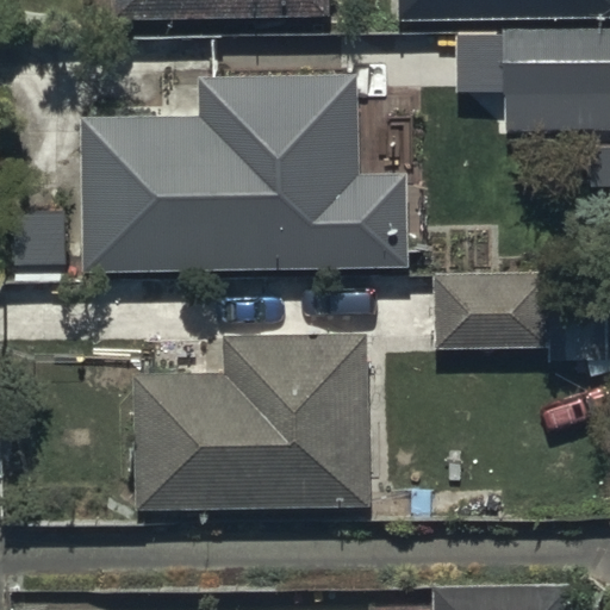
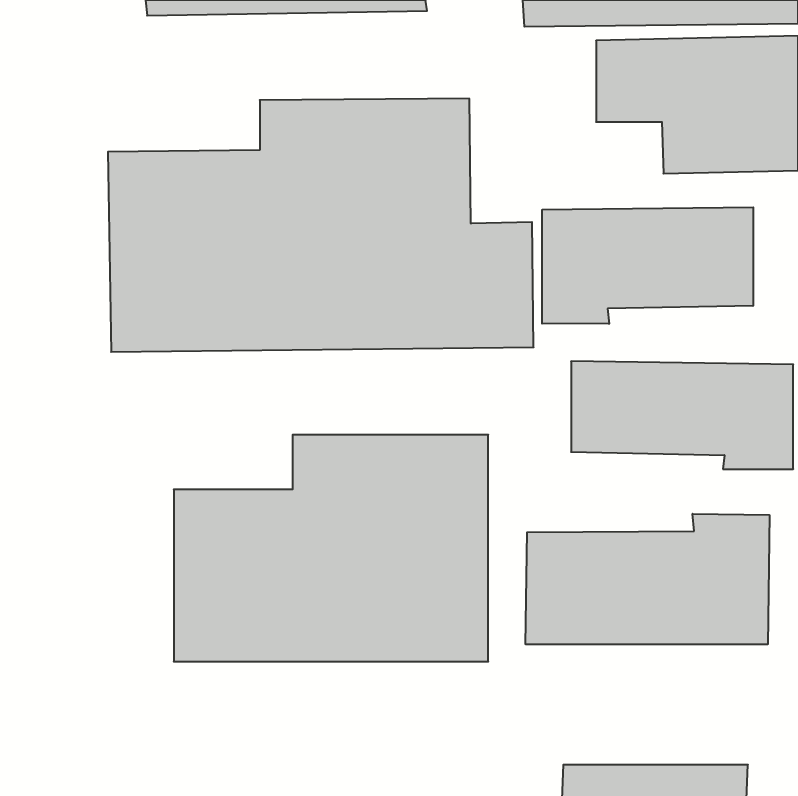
building: none -> [542,207,753,324]
building: none -> [526,514,769,644]

